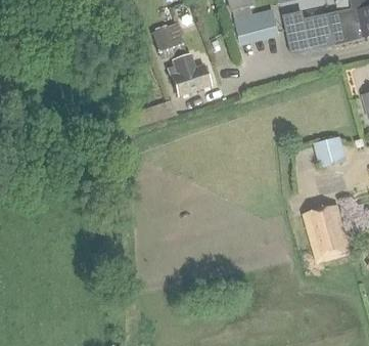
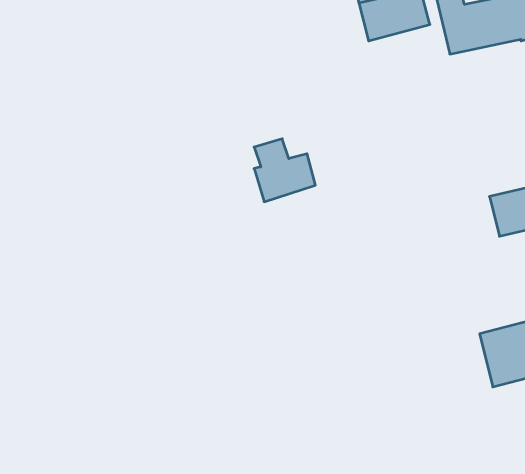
building: [152,24,182,55] -> none
building: [171,53,209,92] -> [254,139,315,202]

